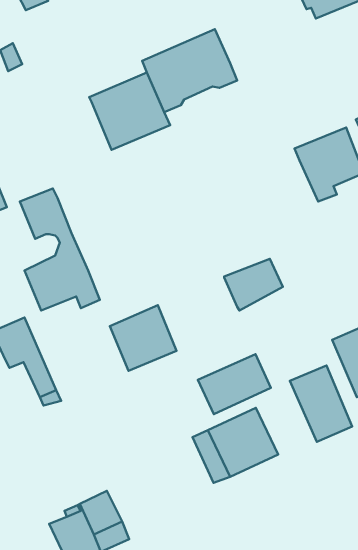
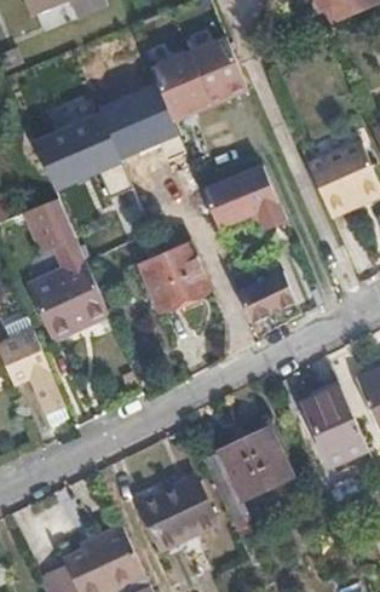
building: none -> [31,110,122,192]
building: none -> [202,166,284,231]
building: [110,305,177,371] -> [142,243,211,311]
building: [198,354,271,414] -> none
building: none -> [139,476,218,547]

